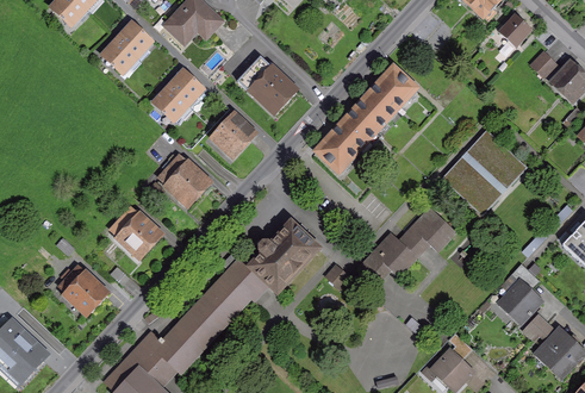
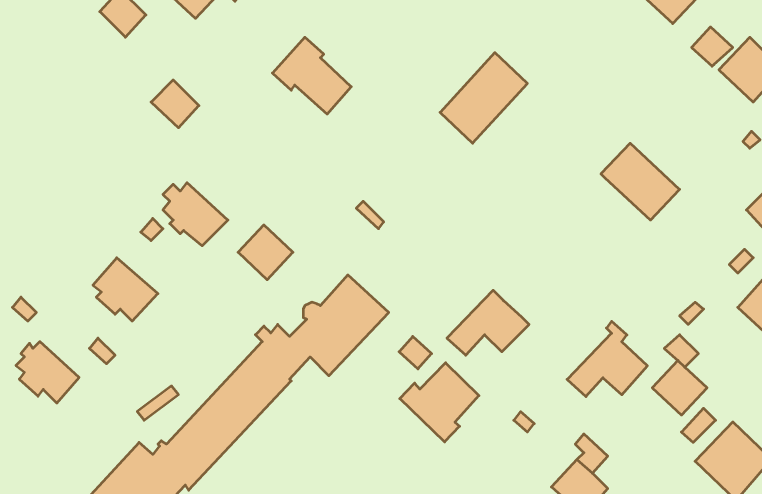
building: [102,39,136,73] -> none
building: [169,71,203,105] -> none
building: [317,110,378,171] -> none
building: [214,117,253,155] -> [238,225,293,280]
building: [442,155,502,211] -> none
building: [399,200,455,252] -> [567,321,647,397]
building: none -> [400,363,479,442]

